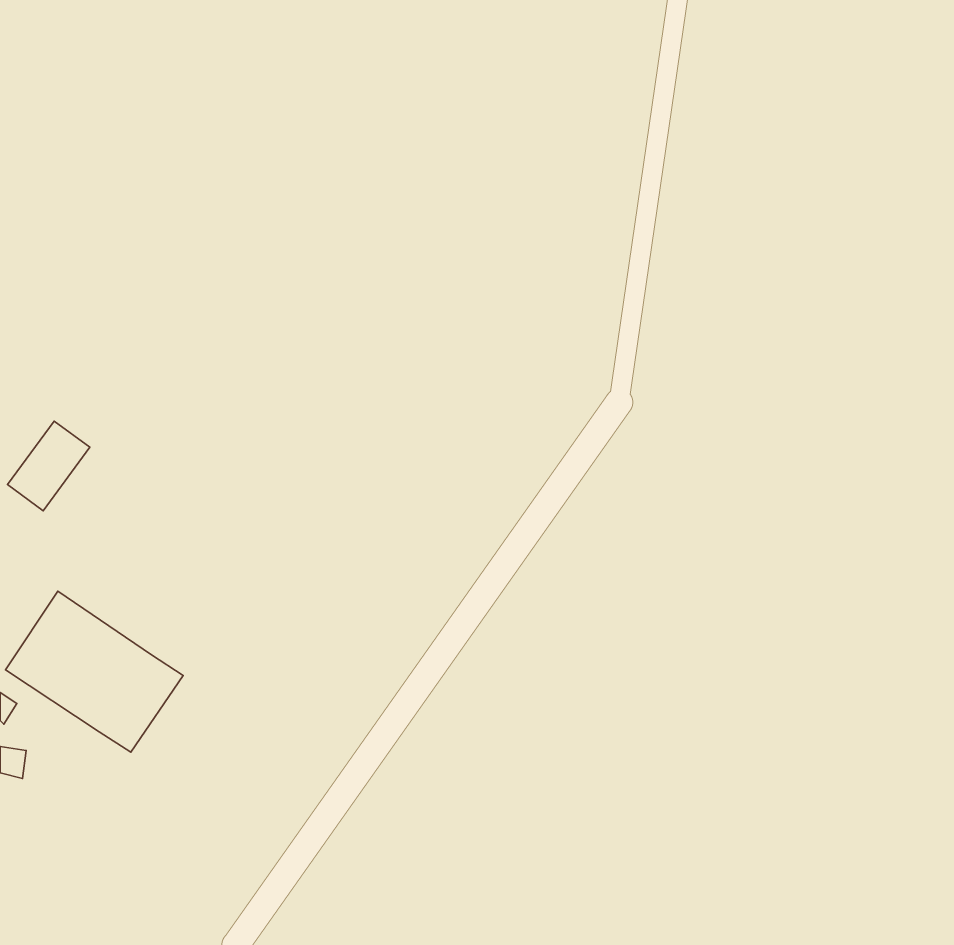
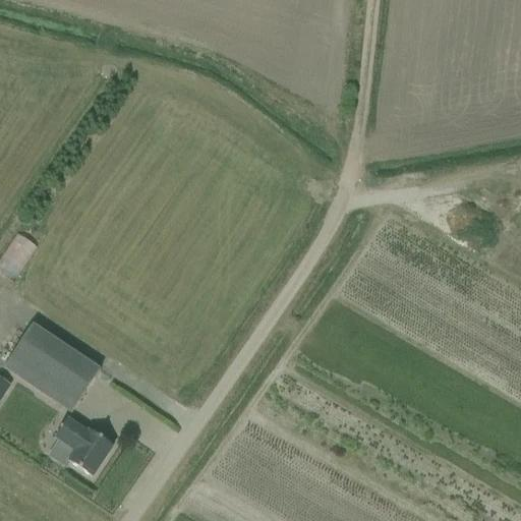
building: none -> [48,413,113,474]

